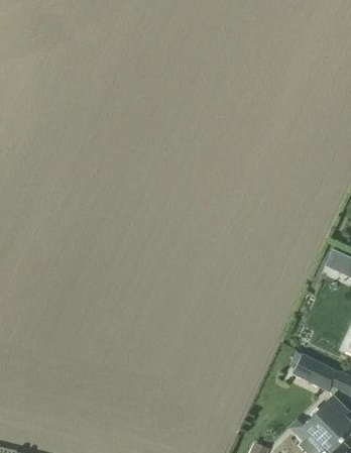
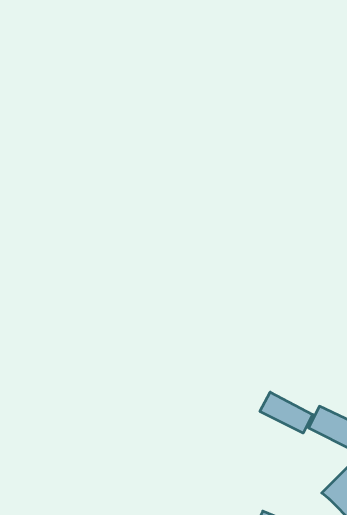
building: none -> [260,392,313,433]

